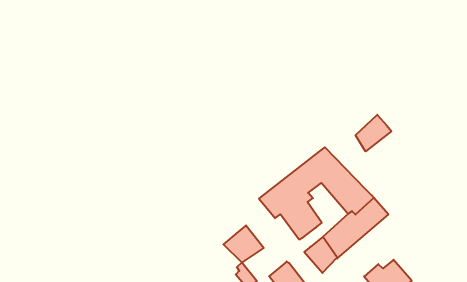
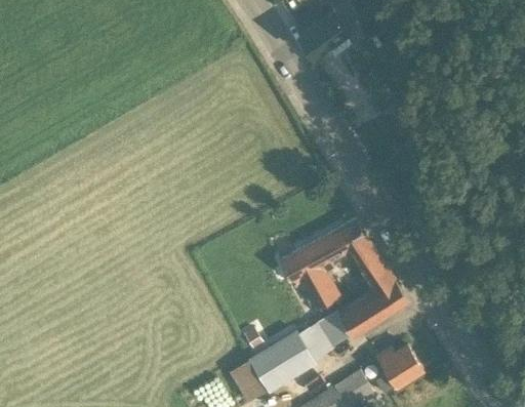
building: [356,115,391,151] -> none
building: [223,225,264,262] -> none

